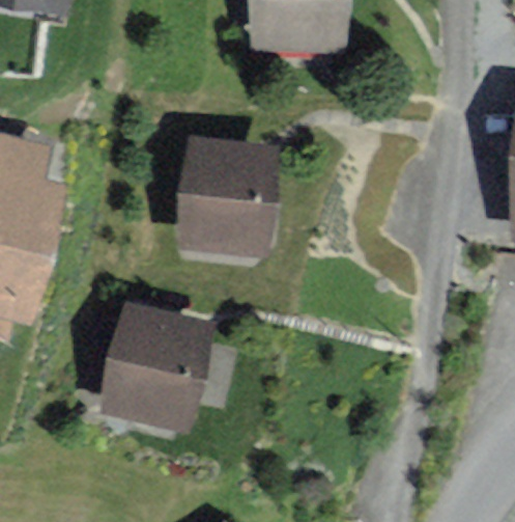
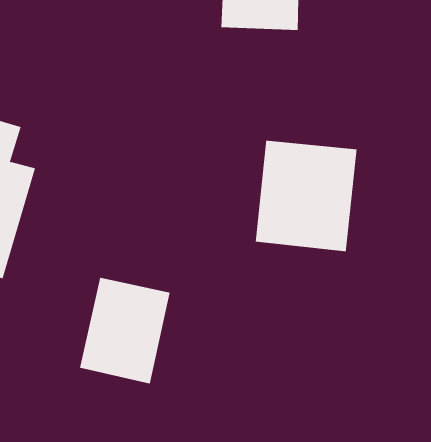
building: [181,142,271,250] -> none
building: none -> [255,140,357,252]

